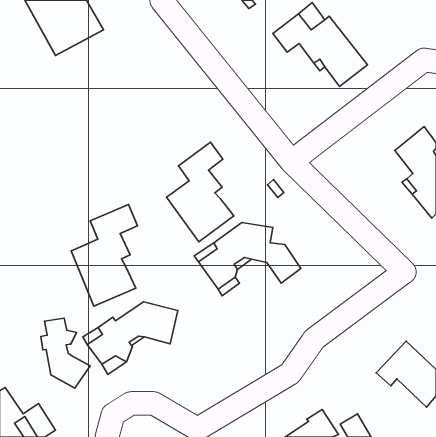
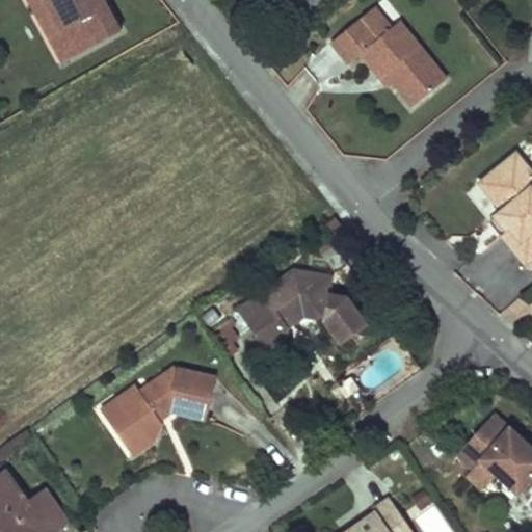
building: [167,142,234,242] -> none
building: [71,205,138,306] -> none
building: [41,318,90,388] -> none

